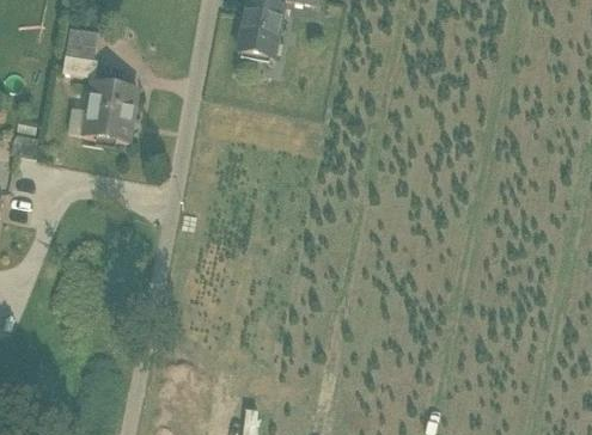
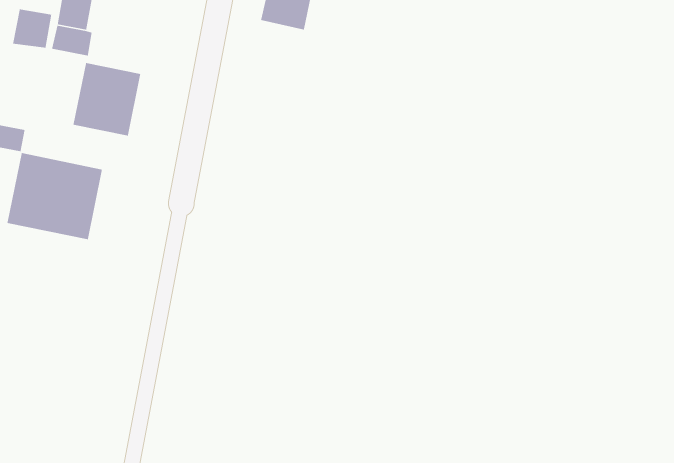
building: none -> [12,8,52,48]
building: none -> [7,152,103,240]

